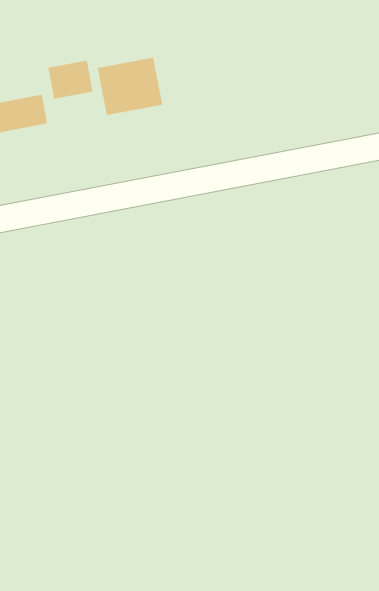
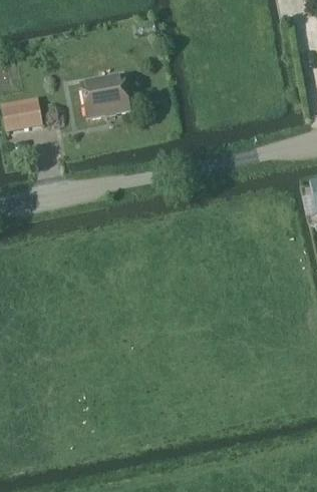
building: [48,60,93,99] -> none

